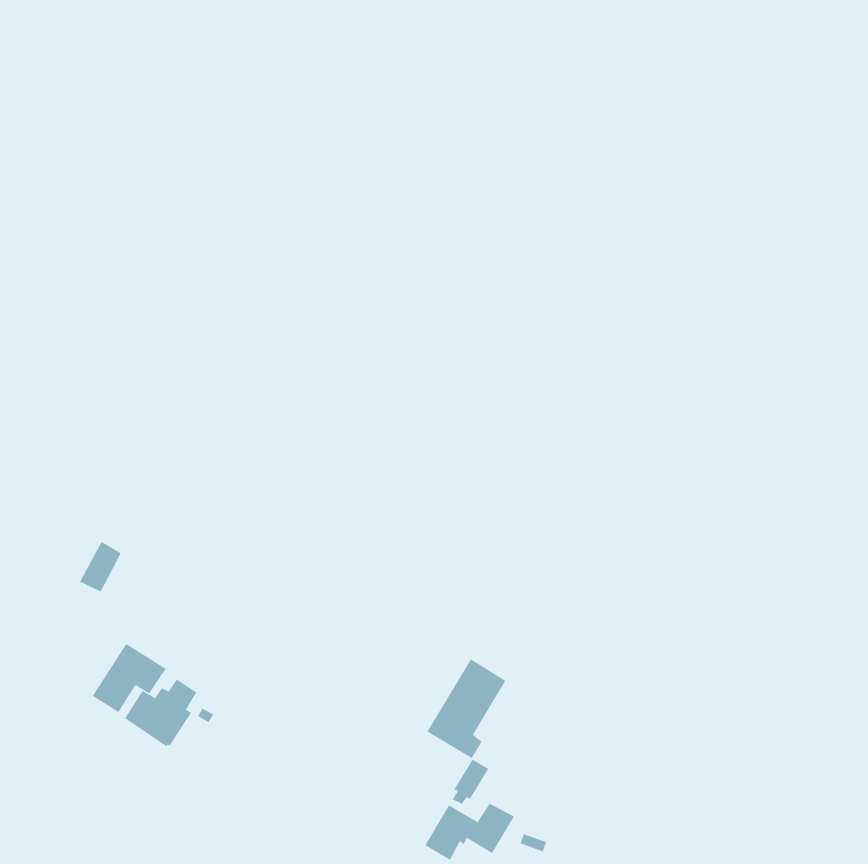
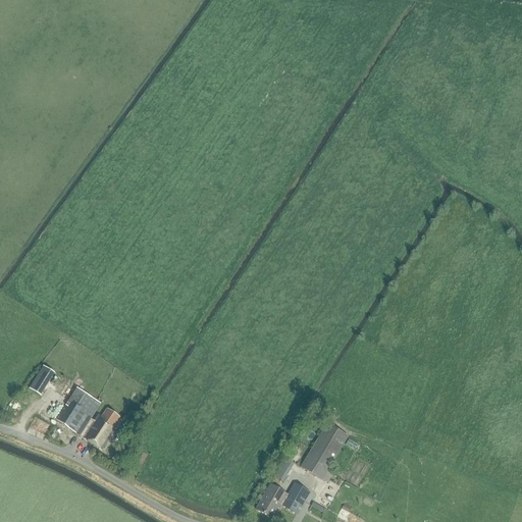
building: [79,541,122,592] -> [31,362,56,393]
building: [426,659,506,759] -> [299,422,347,482]

